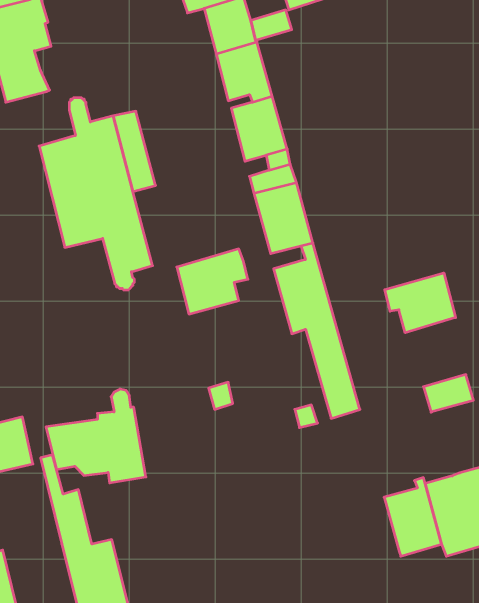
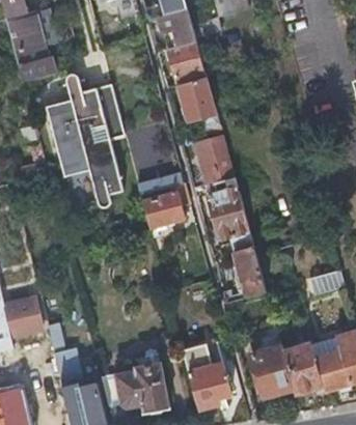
building: [385,273,456,333] -> none
building: [46,389,146,483] -> [100,348,168,413]
building: none -> [183,344,230,408]
building: none -> [251,345,294,398]

